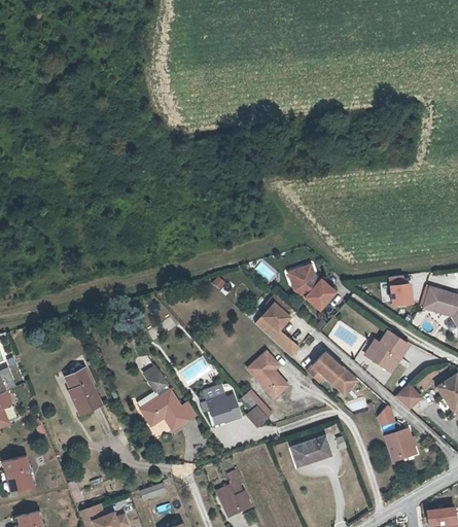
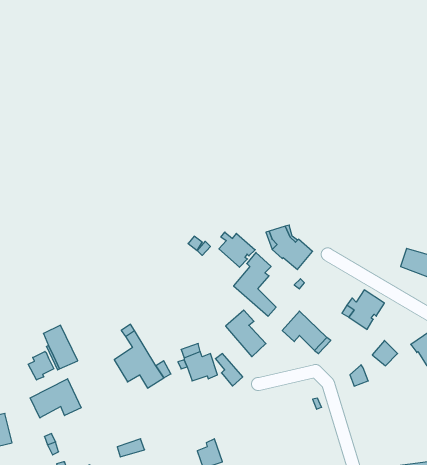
building: none -> [219,232,255,267]
building: [389,276,412,305] -> none
building: none -> [28,351,54,380]
building: none -> [30,379,81,418]
building: [383,429,417,462] -> none
building: [291,437,330,466] -> none

